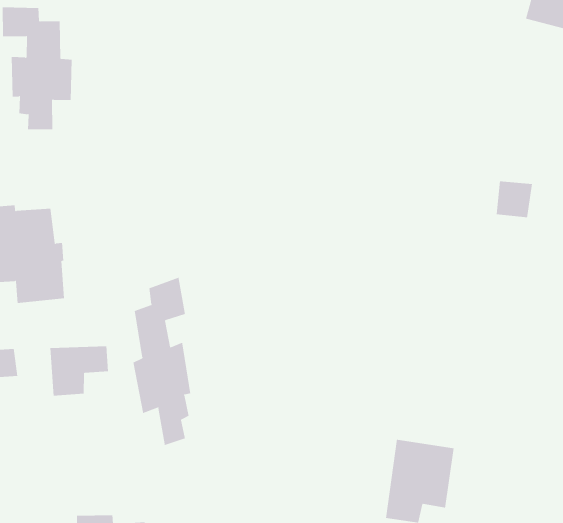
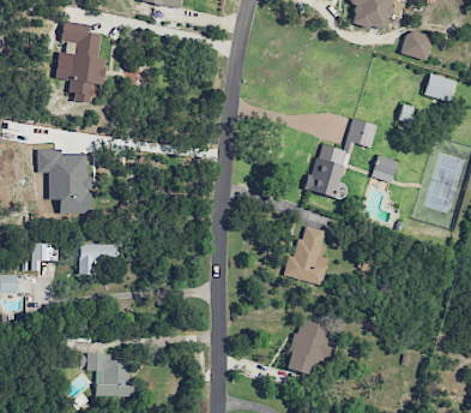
building: none -> [306,118,376,199]
building: [133,277,191,446] -> none
building: none -> [283,226,327,286]

